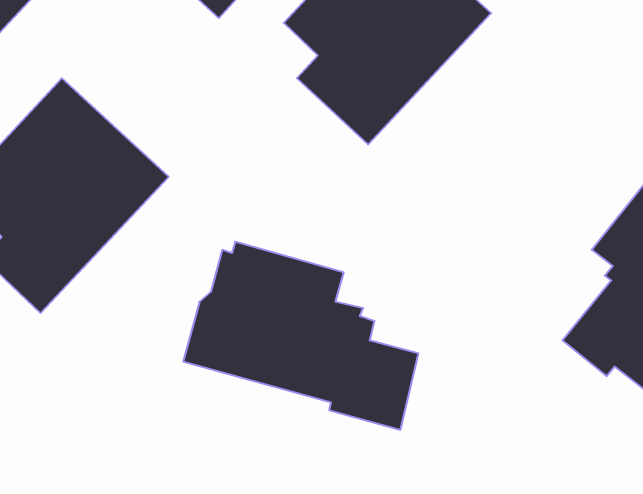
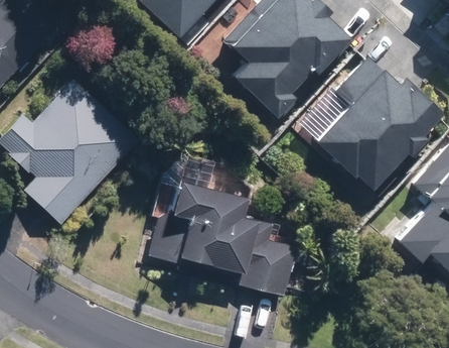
building: none -> [308,59,436,190]

